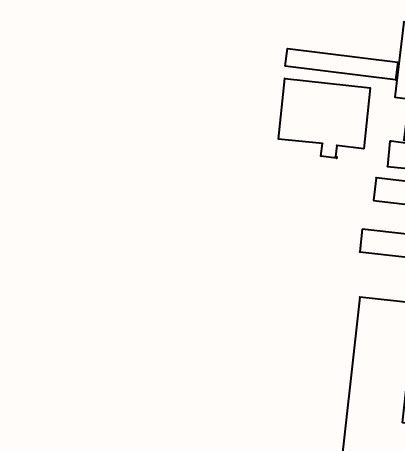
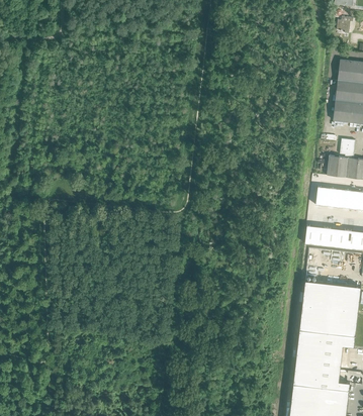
building: [285,49,398,80] -> none
building: [278,78,370,158] -> none

